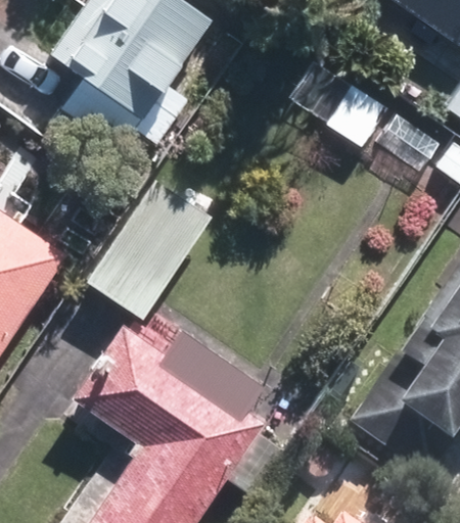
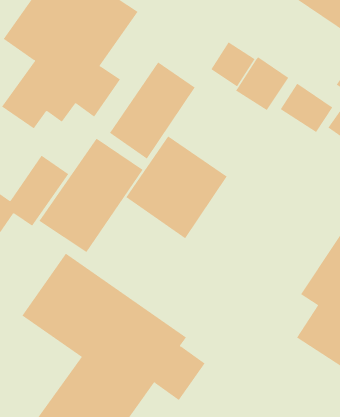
building: none -> [109,61,196,159]
building: none -> [126,135,227,239]

